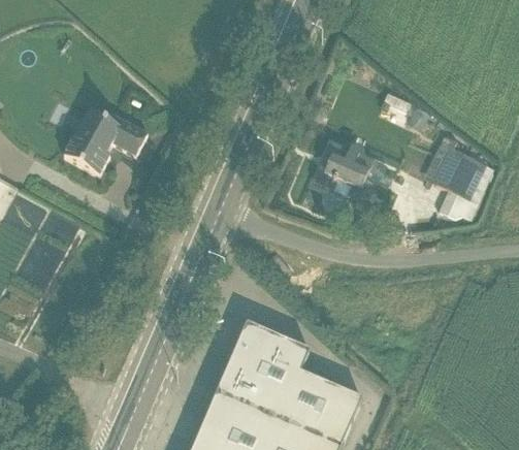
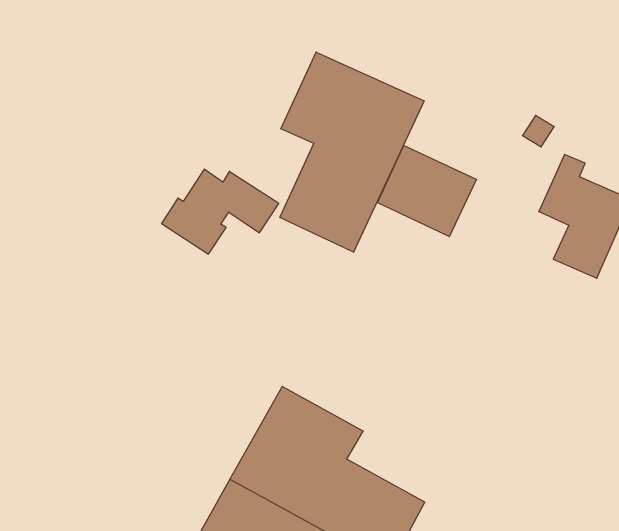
building: none -> [280,52,424,252]
building: [56,110,140,172] -> [162,169,279,254]

